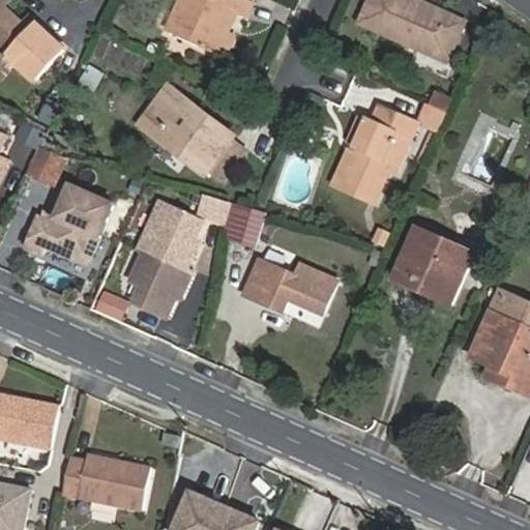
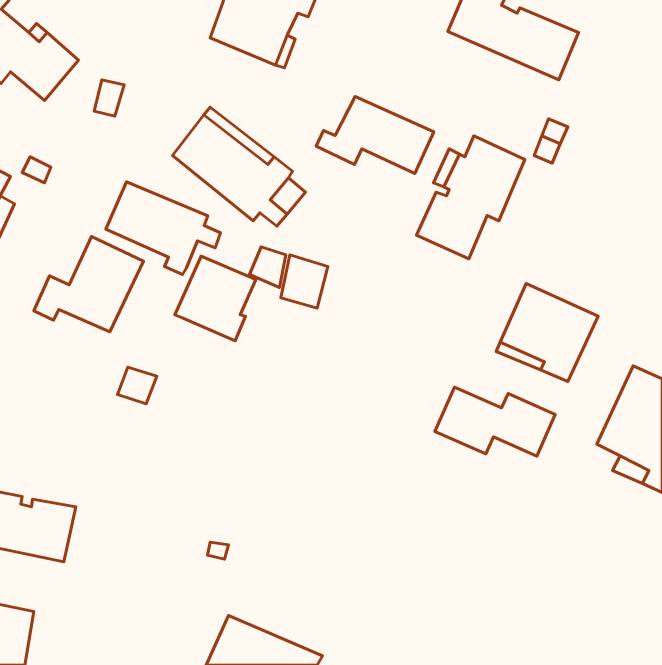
building: none -> [316,96,434,174]
building: none -> [106,182,221,274]
building: [28,145,66,184] -> none
building: [130,252,190,317] -> none
building: [241,260,336,315] -> [435,387,555,456]
building: [63,449,152,505] -> none

